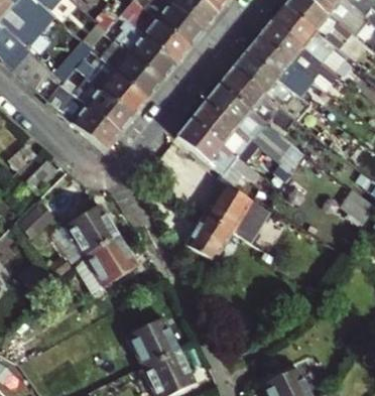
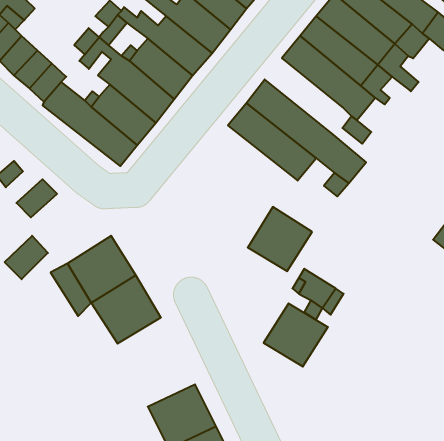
building: [218,67,278,125] -> none
building: [175,118,259,179] -> none
building: [185,212,235,260] -> [264,303,328,367]

